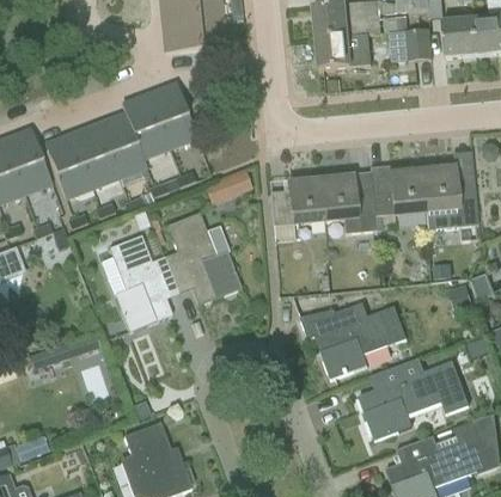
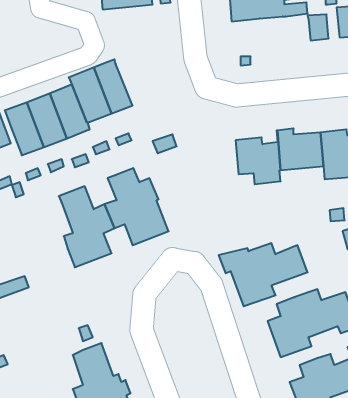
building: [161,17,225,51] -> none
building: [316,31,371,68] -> none
building: [270,179,324,225] -> none

